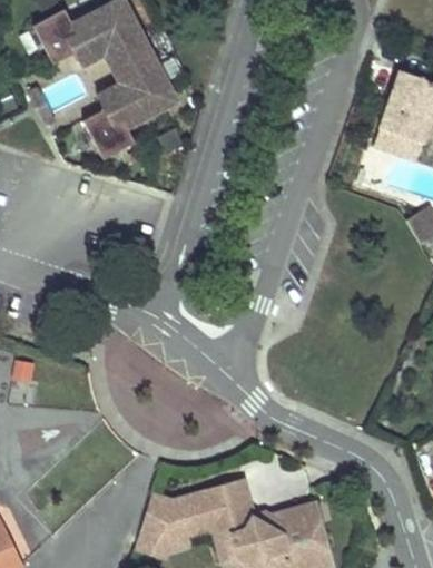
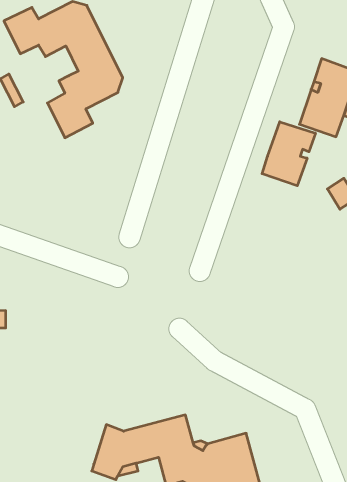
building: none -> [262,122,315,186]

